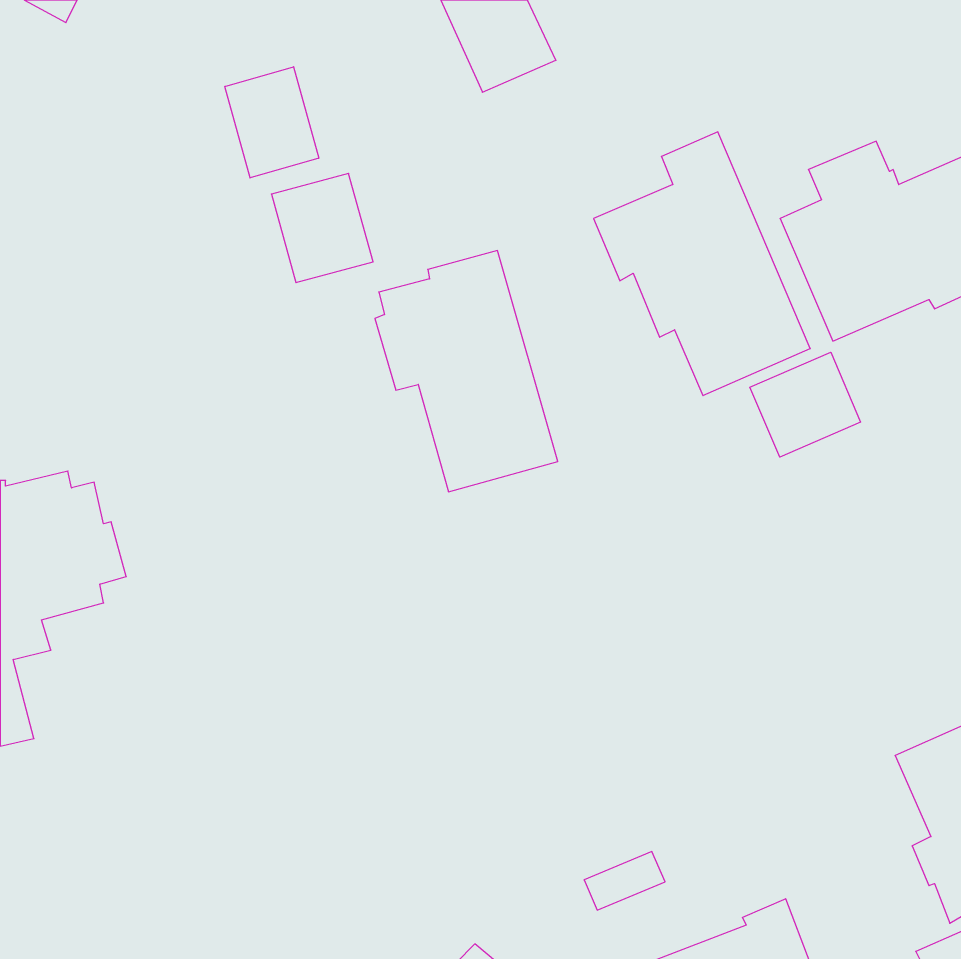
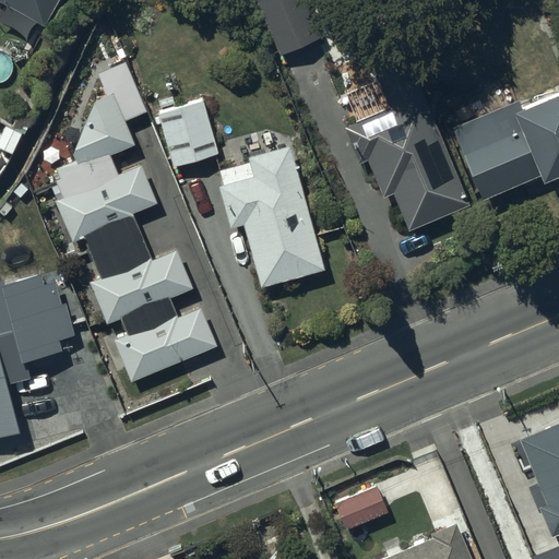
building: [225,67,319,178] -> none
building: none -> [56,63,216,383]
building: [750,352,861,457] -> none

